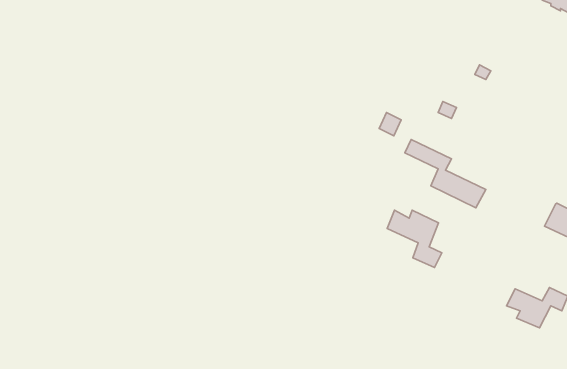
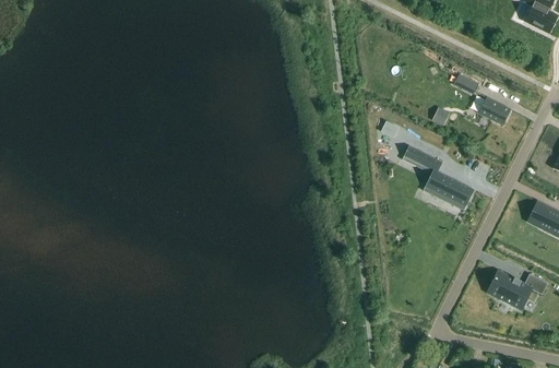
building: none -> [479,95,511,123]
building: [387,210,442,268] -> none

